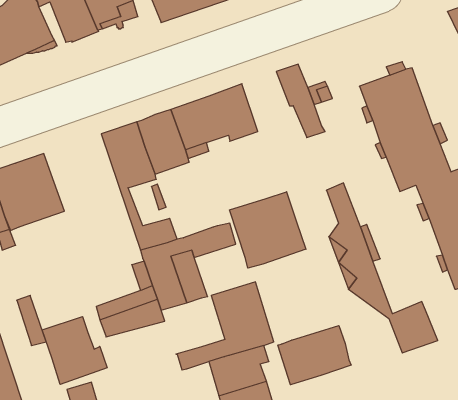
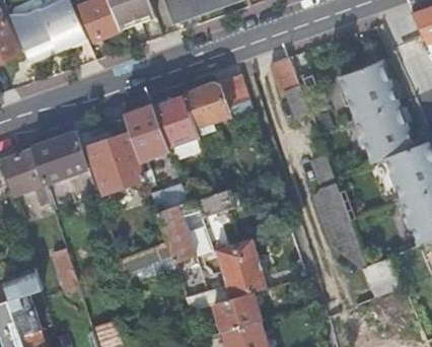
building: none -> [76,115,145,192]
building: [230,192,306,268] -> none
building: [42,317,107,384] -> none
building: [278,326,351,385] -> none

